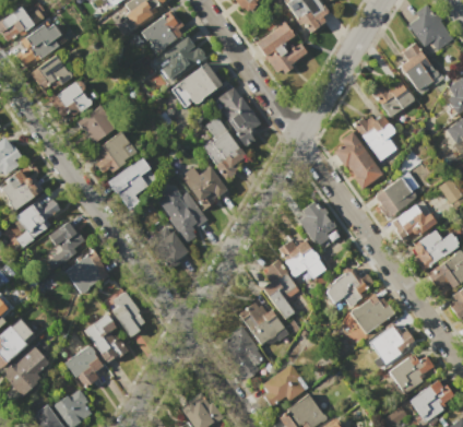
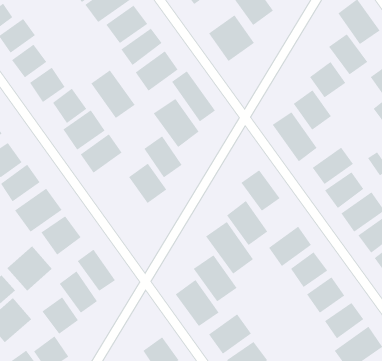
building: none -> [90,69,136,119]
building: [150,225,191,269] -> none
building: none -> [7,246,53,291]

